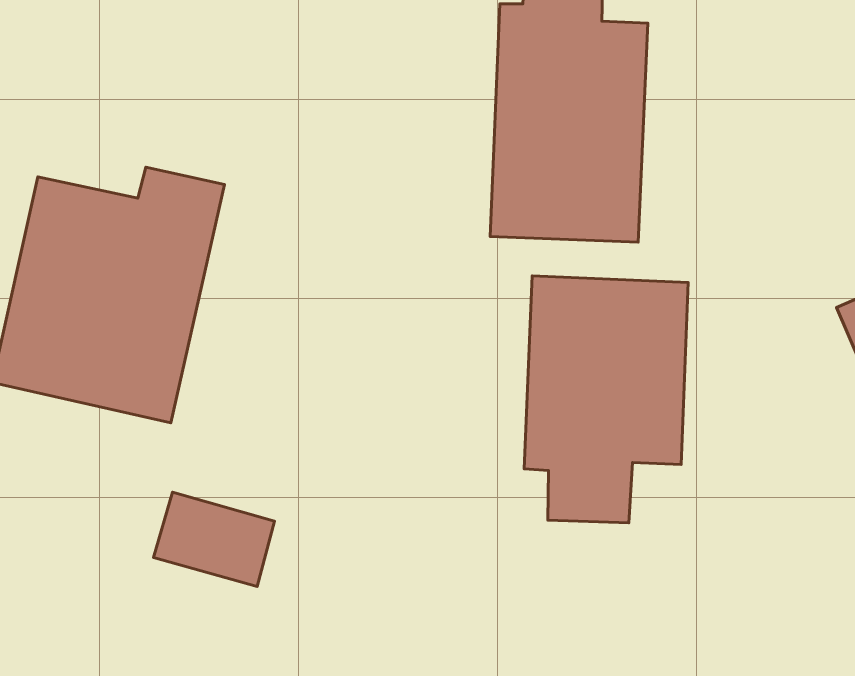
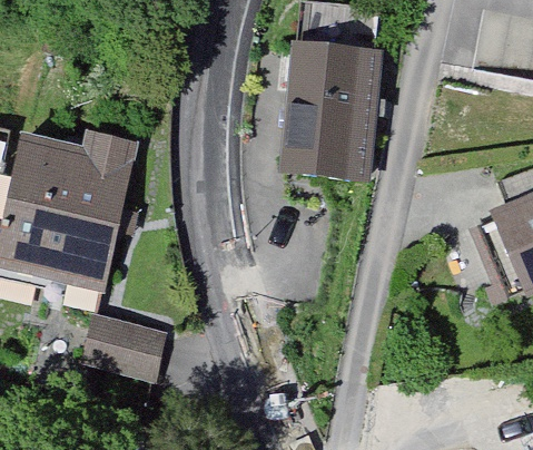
building: [524,276,688,523] -> none

